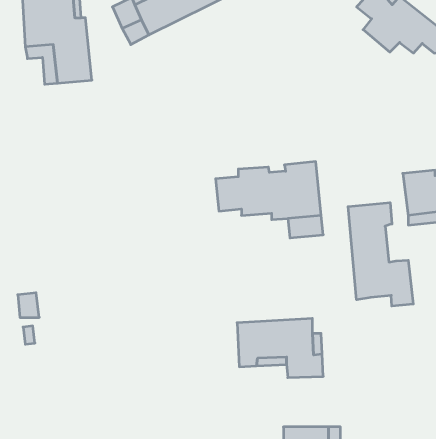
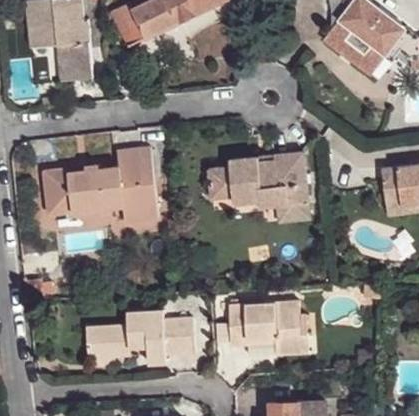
building: none -> [323,12,392,76]
building: none -> [45,150,157,225]
building: [348,203,413,306] -> none
building: none -> [85,310,192,367]

